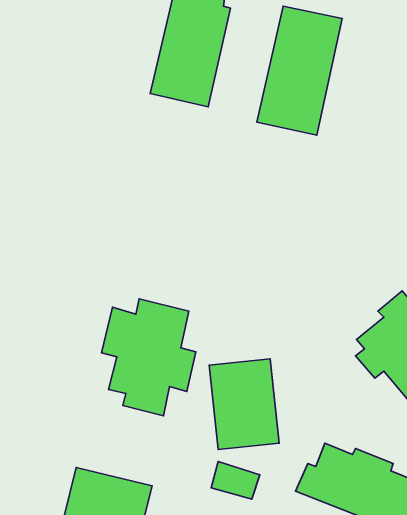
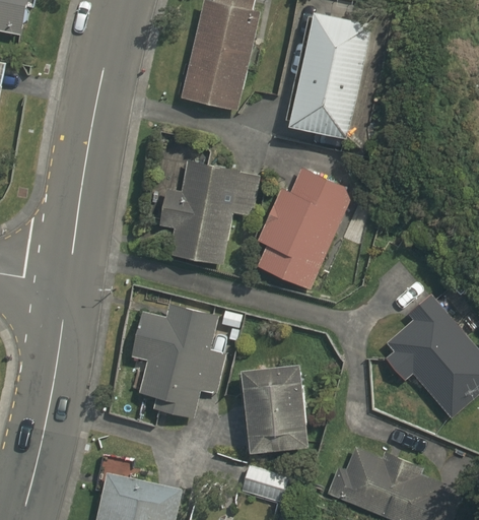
building: none -> [158,161,261,265]
building: none -> [256,168,353,290]

